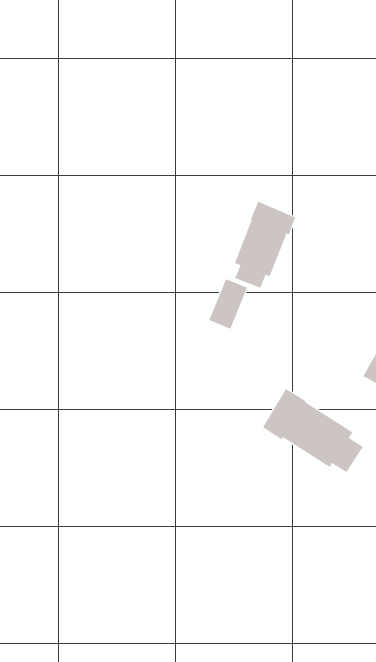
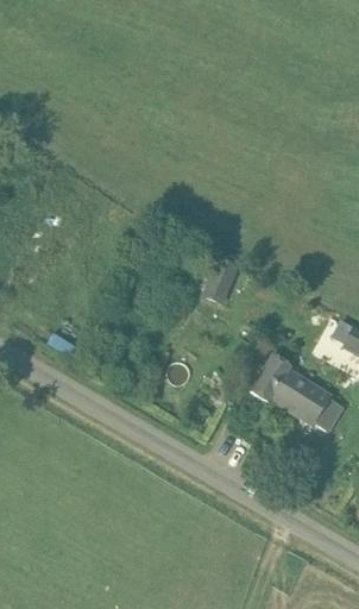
building: [234,201,296,289] -> none

